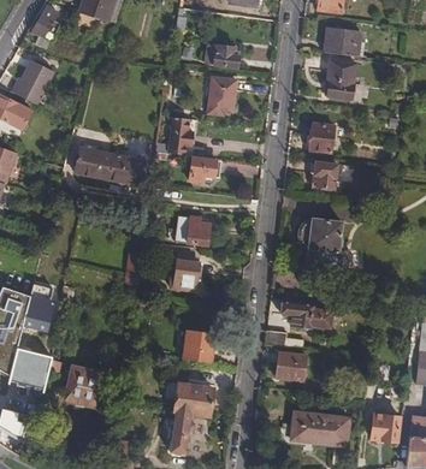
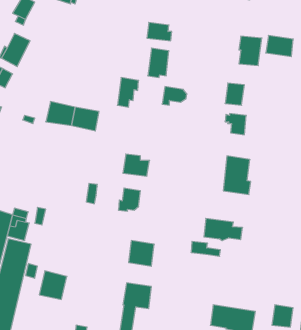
building: [324,28,360,55] -> [266,35,293,57]
building: [187,155,219,179] -> [162,87,187,105]
building: [274,351,303,380] -> none

